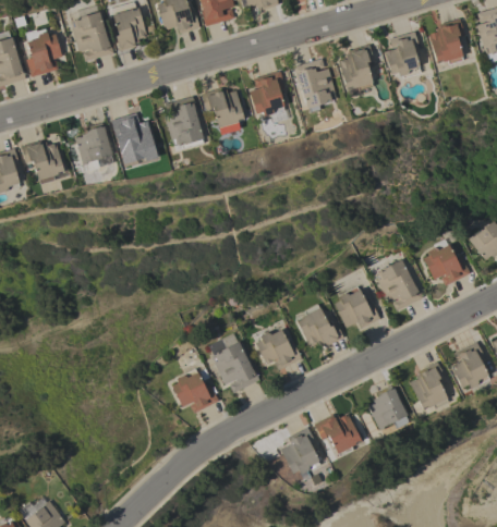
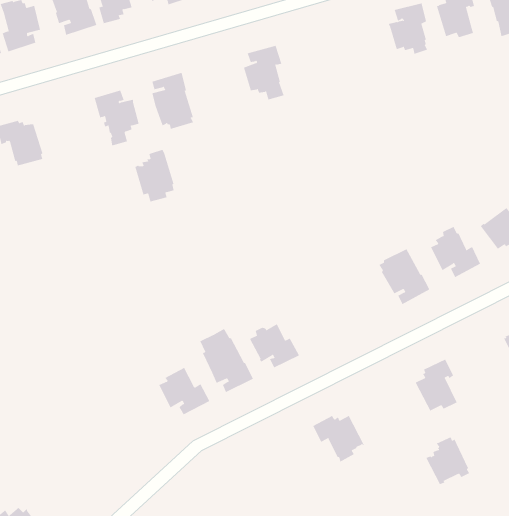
building: [338,45,375,97] -> none
building: [293,59,336,111] -> none
building: [202,88,244,131] -> none
building: [75,122,112,171] -> [134,149,174,202]
building: [334,286,380,329] -> none
building: [296,305,343,347] -> none
building: [450,342,489,389] -> none
building: [366,385,408,430] -> [425,437,470,485]
building: [280,427,320,481] -> none

